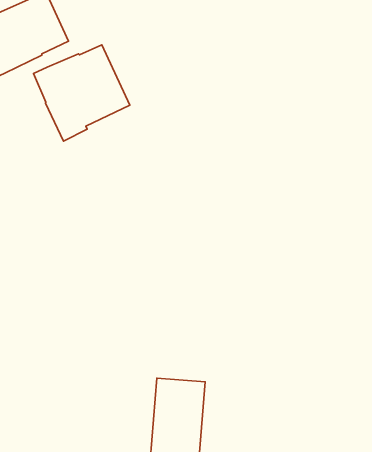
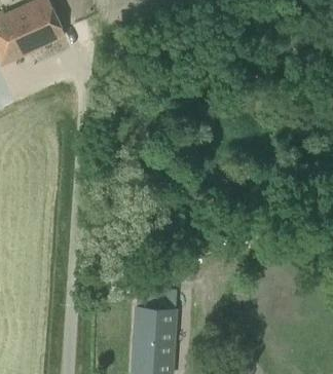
building: [34,45,130,141] -> none

